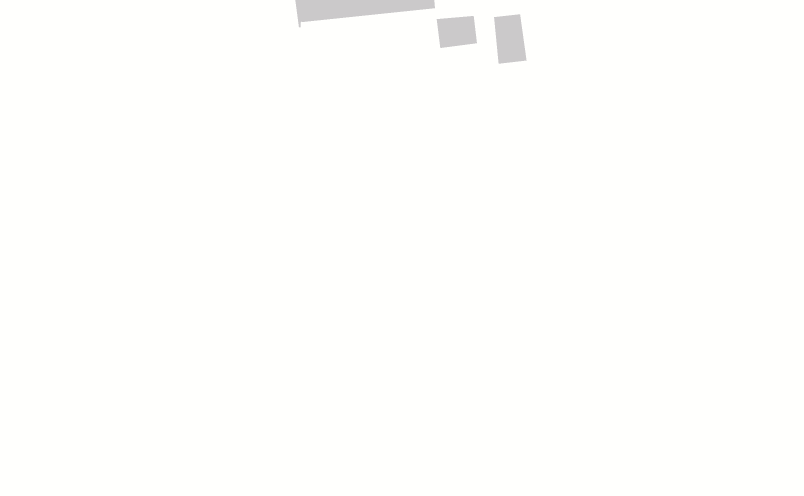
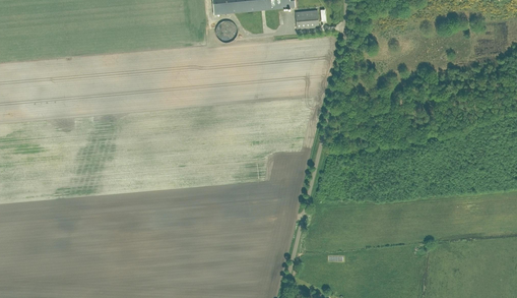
building: [493,14,527,64] -> none

